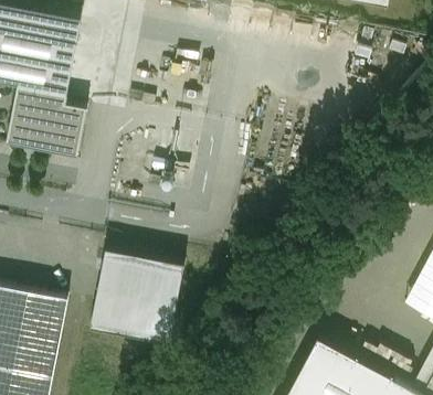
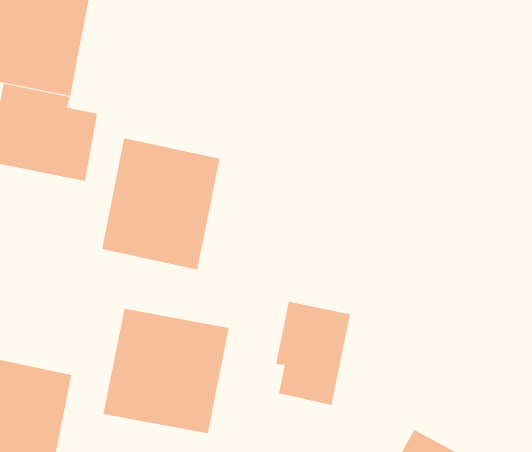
building: none -> [101,137,220,270]
building: none -> [276,301,350,406]

